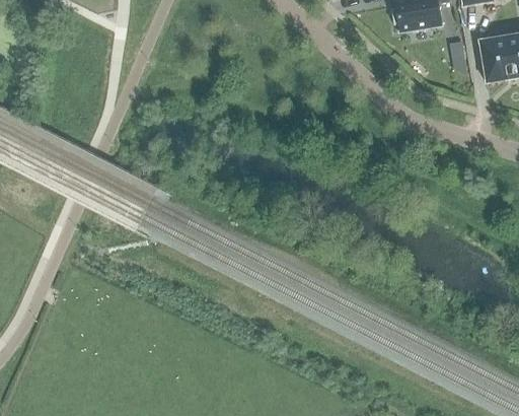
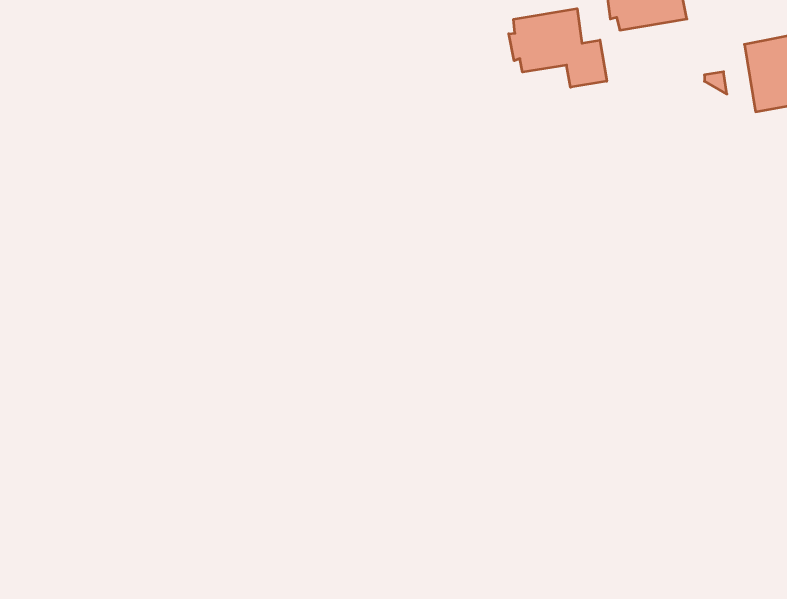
building: none -> [509,9,607,87]

